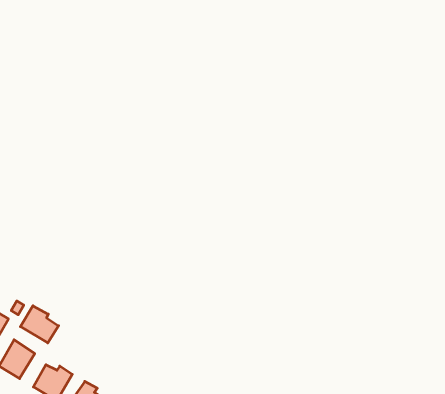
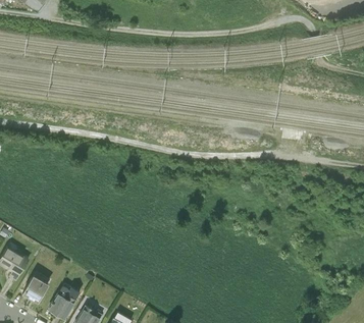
building: [20,306,59,343] -> none

